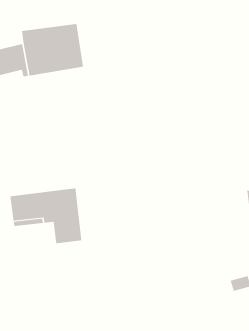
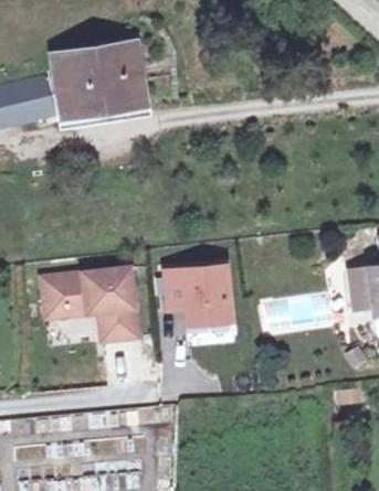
building: none -> [169,266,234,324]

